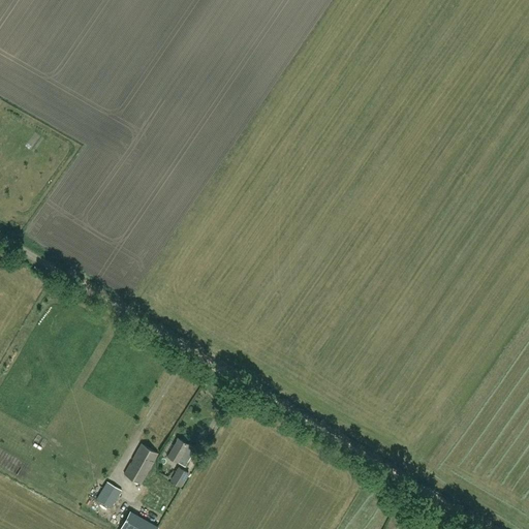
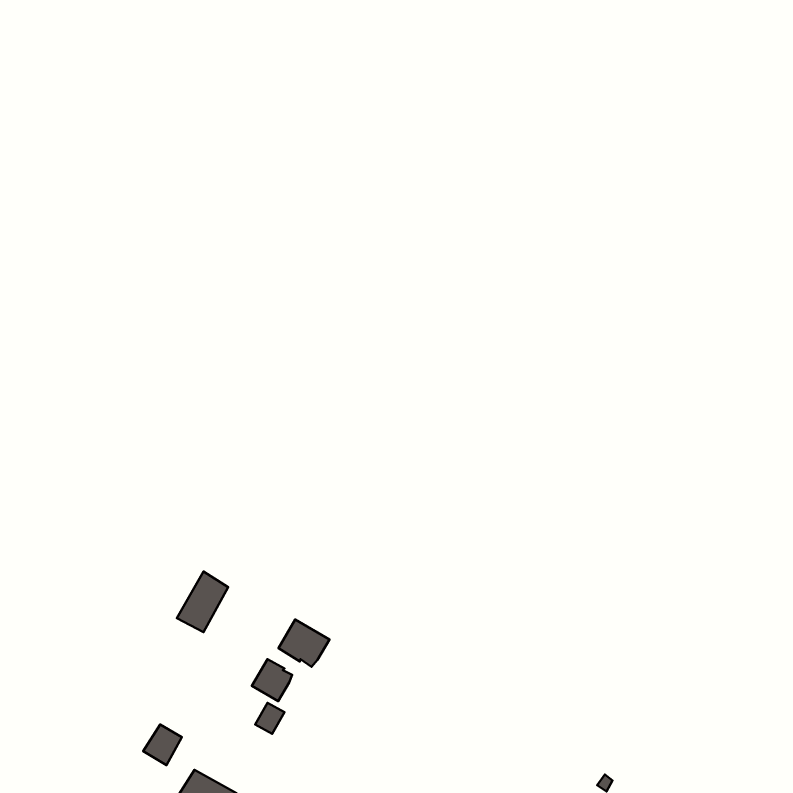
building: none -> [278,619,330,667]
building: [123,444,157,485] -> [177,571,228,632]

